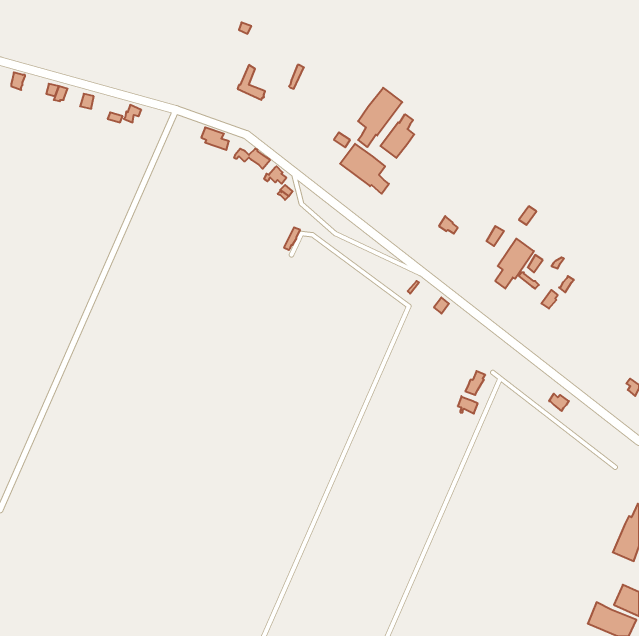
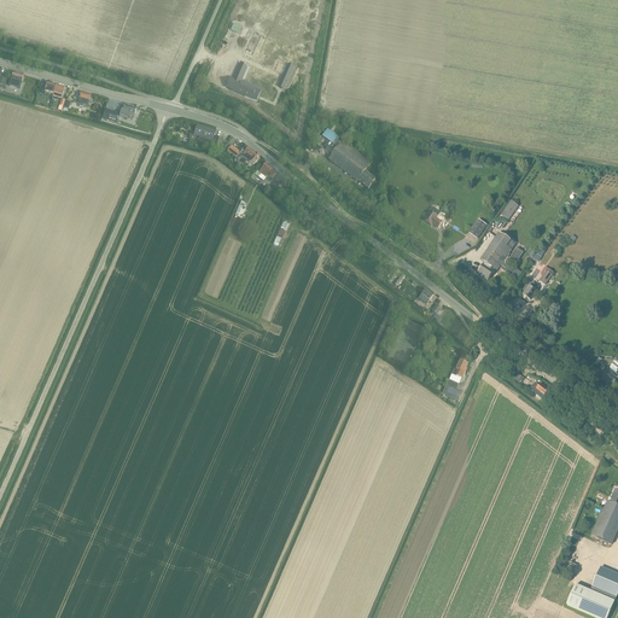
building: [358,88,402,147] -> none
building: [380,114,414,158] -> none

